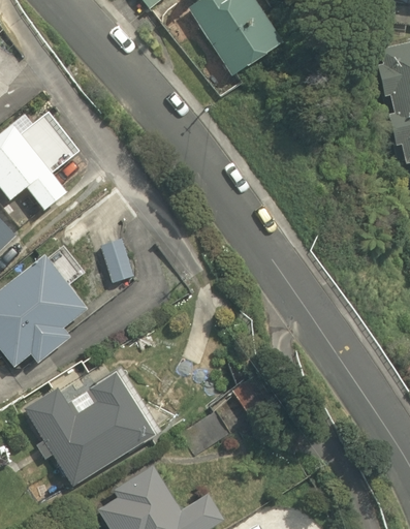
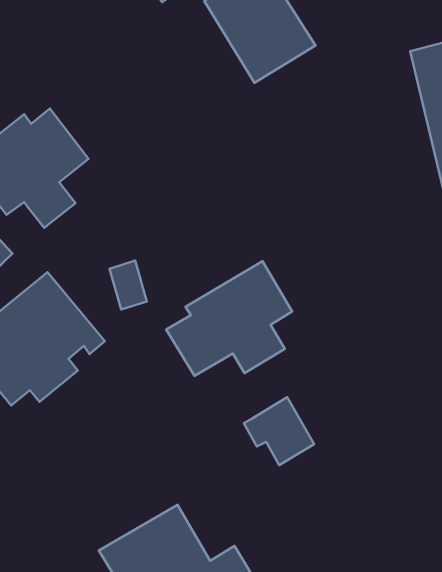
building: none -> [166,261,292,376]
building: [26,356,160,485] -> none

